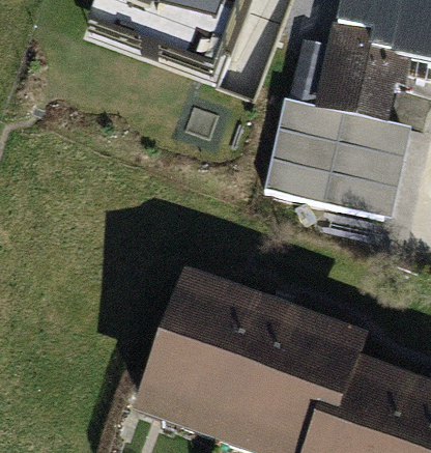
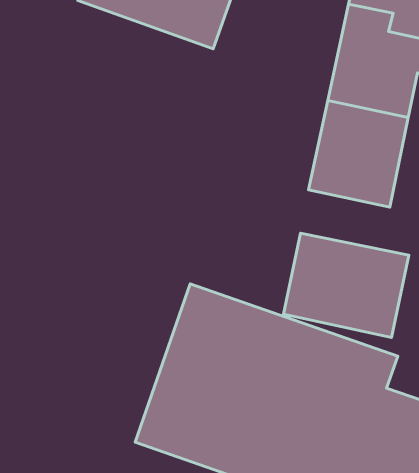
building: none -> [284,233,409,338]

